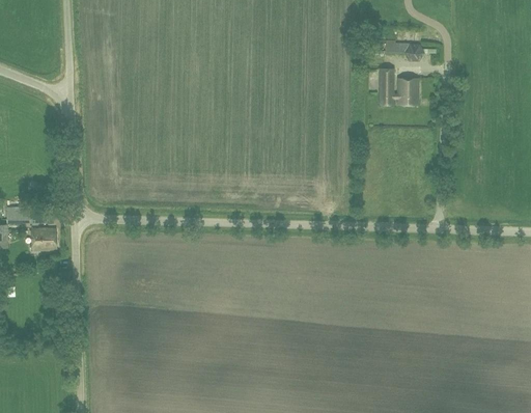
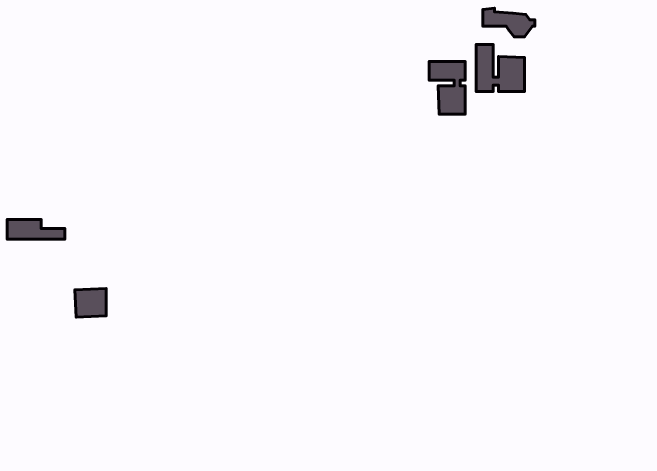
building: none -> [429,62,465,114]
building: [31,227,56,250] -> [75,288,106,317]

